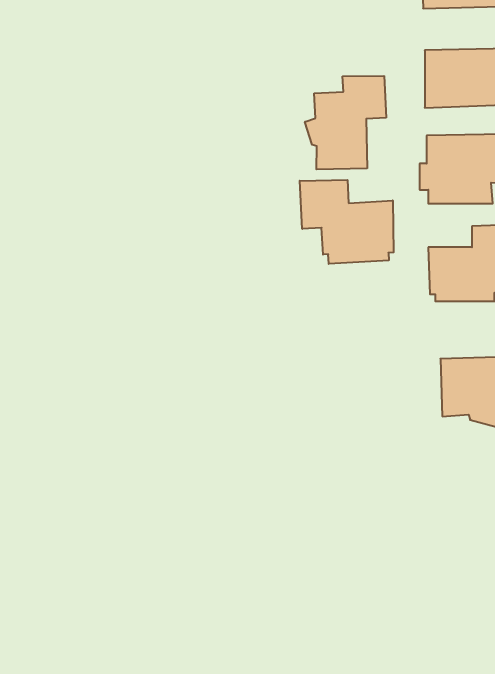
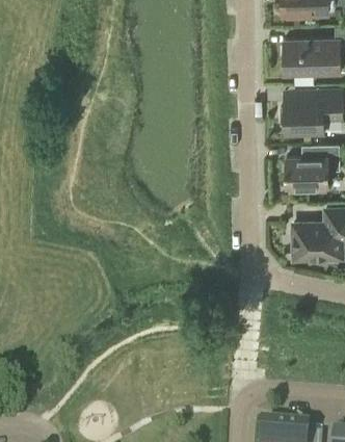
building: [305,76,386,169] -> none
building: [300,180,394,264] -> none

